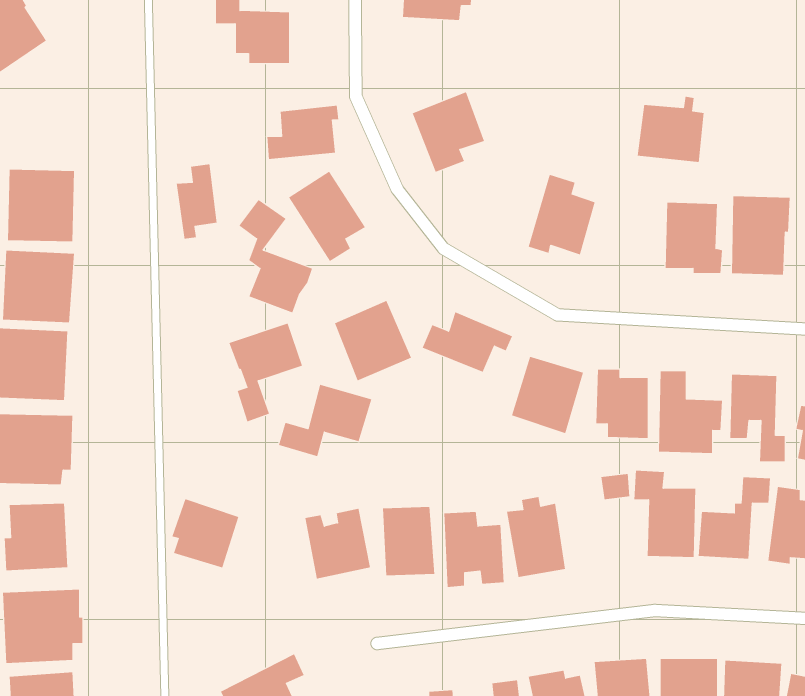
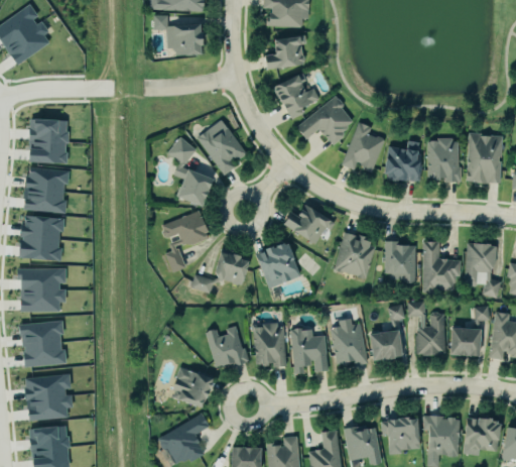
building: [637,96,705,162] -> [383,142,424,183]
building: [266,105,339,160] -> [262,35,306,69]
building: none -> [296,96,357,144]
building: [176,164,217,240] -> none
building: [334,300,412,381] -> [253,240,300,289]
building: [172,499,239,568] -> [170,366,212,408]
building: none -> [368,331,400,360]

